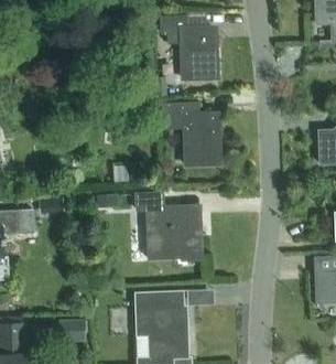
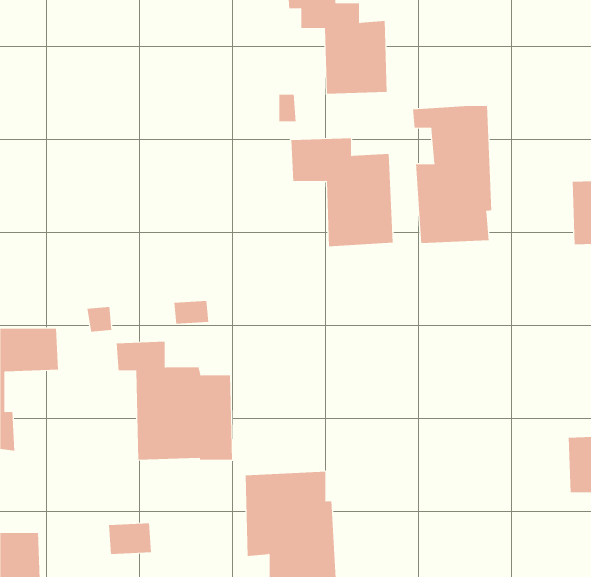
building: none -> [412,105,492,244]
building: [136,192,200,258] -> [116,341,233,460]

